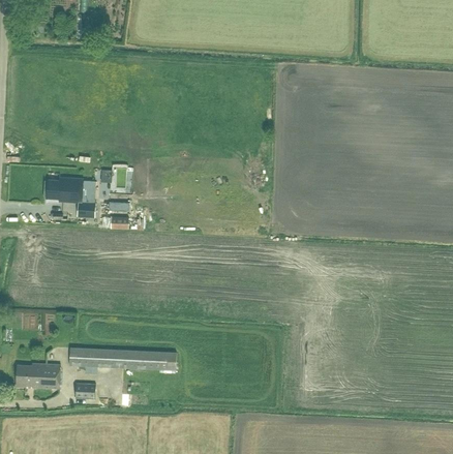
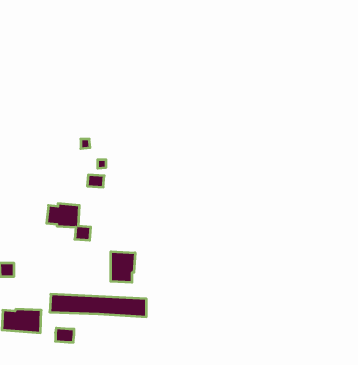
building: [46,177,94,217] -> [47,204,91,240]
building: none -> [111,252,135,282]

